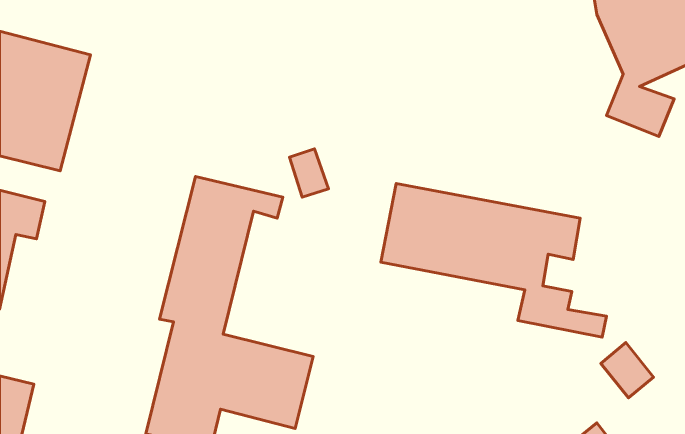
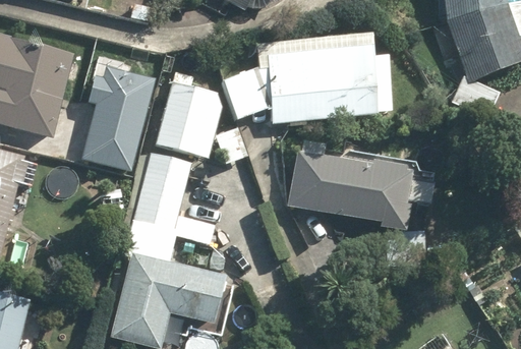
building: none -> [228,38,394,120]
building: none -> [82,52,155,167]
building: none -> [155,69,227,159]

